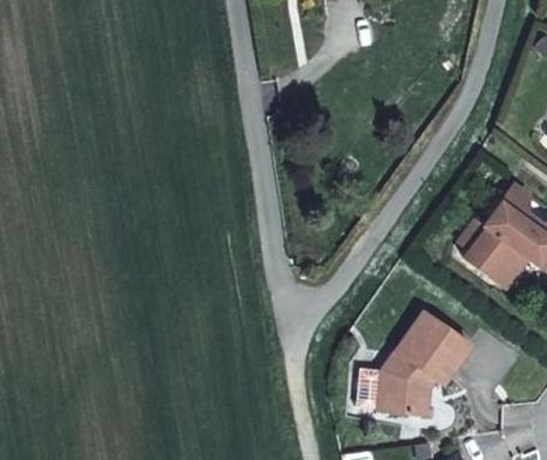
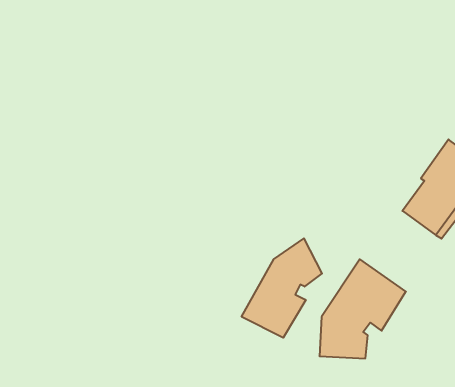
building: none -> [242,238,322,338]

